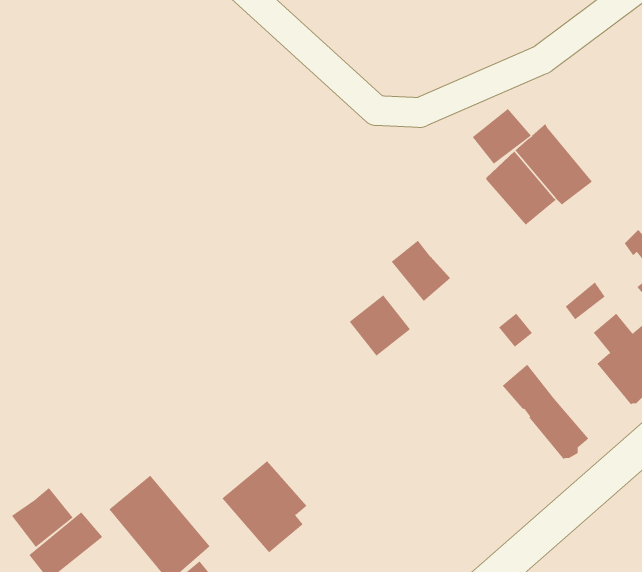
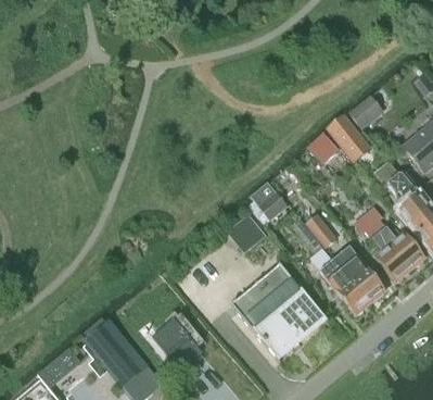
building: [472,108,532,165] -> [348,93,384,127]
building: none -> [333,243,385,300]
building: none -> [232,263,328,360]
building: [11,487,74,548] -> none

